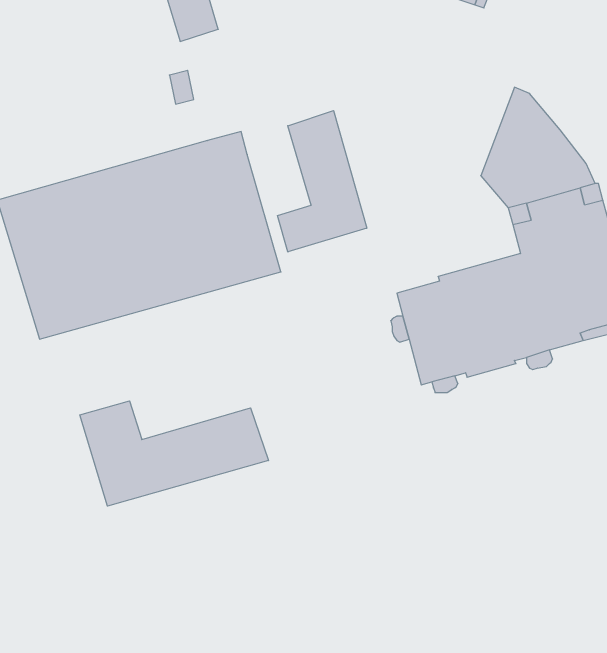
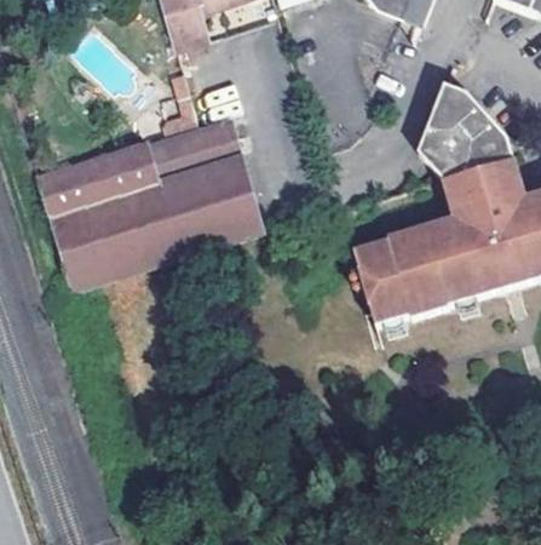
building: [278,111,367,252] -> none
building: [80,401,268,506] -> none

